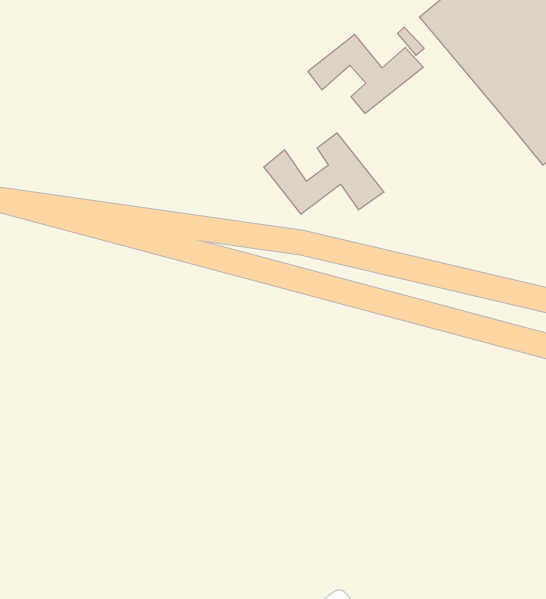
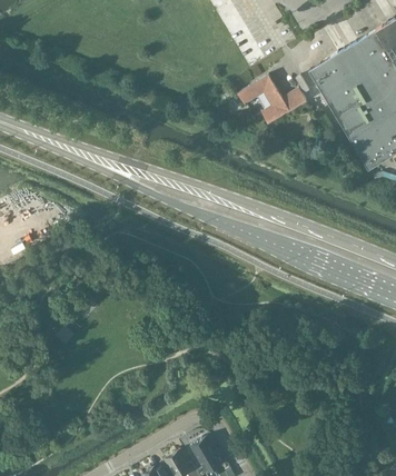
building: [264,133,384,214] -> none

